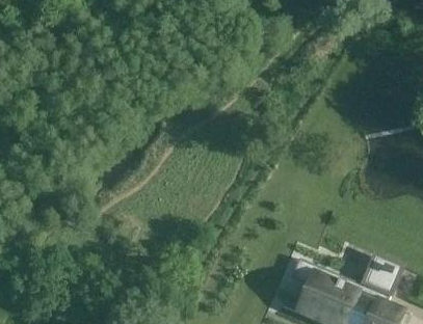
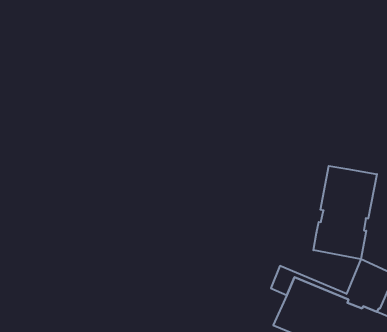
building: none -> [313,166,377,259]

